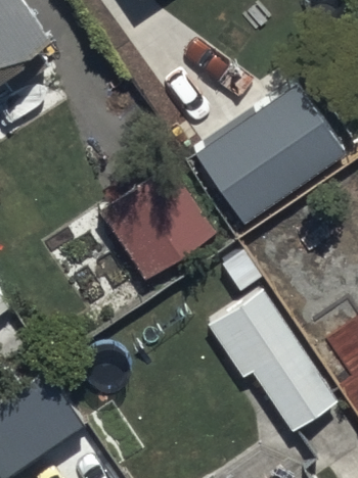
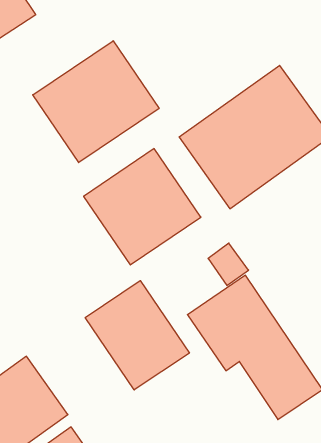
building: none -> [33,41,159,163]
building: none -> [85,281,189,390]

